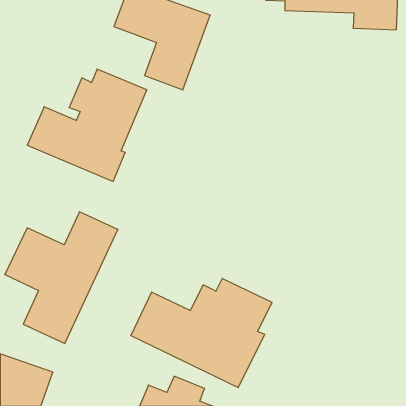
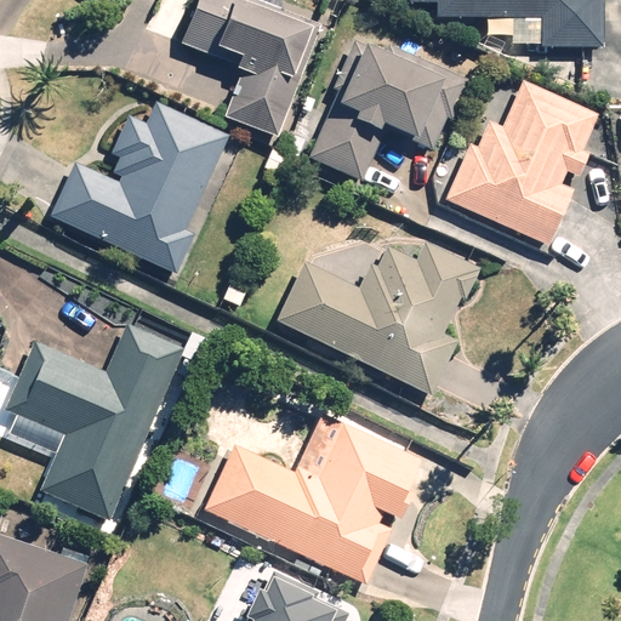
building: none -> [309,44,471,180]
building: none -> [445,79,599,243]
building: none -> [277,240,478,397]

